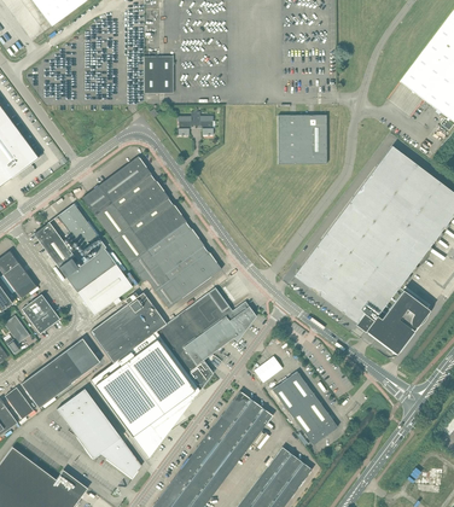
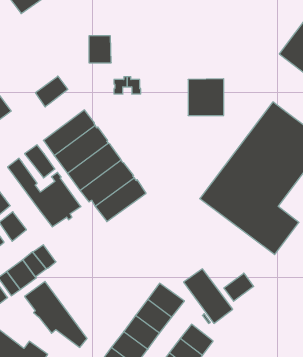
building: none -> [36,76,68,107]
building: [89,287,256,449] -> none
building: none -> [224,273,254,301]

